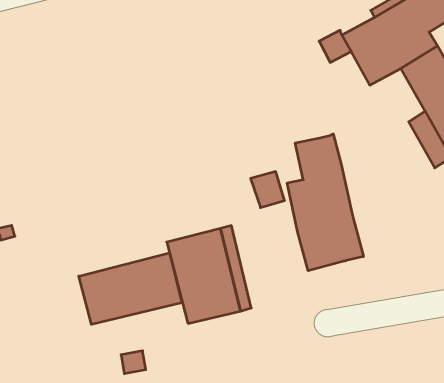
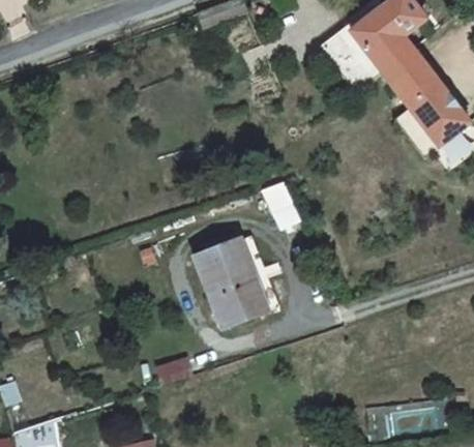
building: [287,134,363,271] -> none
building: [79,253,182,324] -> none

